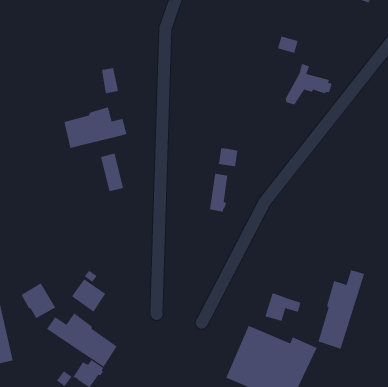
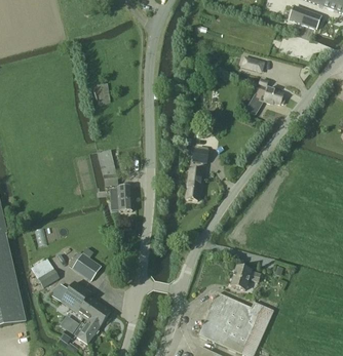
building: [64,106,127,149] -> none
building: none -> [110,185,131,210]
building: [318,269,365,350] -> none

